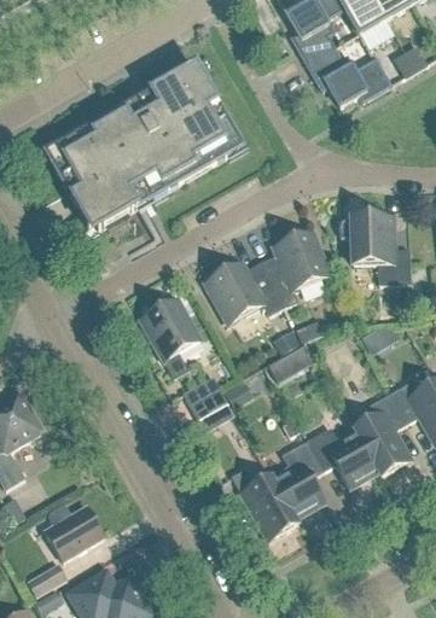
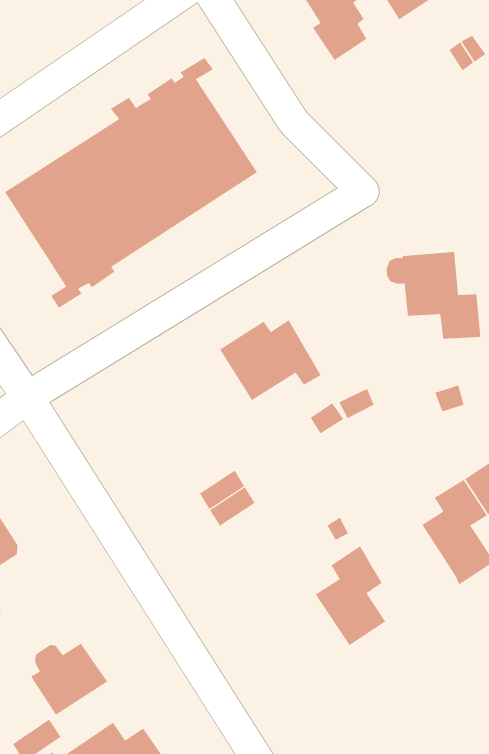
building: [307,46,390,105] -> none
building: [261,231,330,305] -> none
building: [141,297,200,377] -> none
building: [267,342,315,380] -> none
building: [307,426,379,485] -> none
building: [231,467,297,541] -> none

